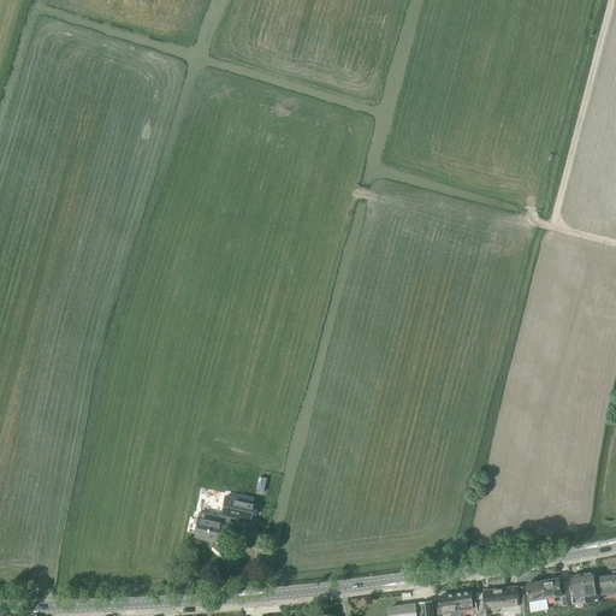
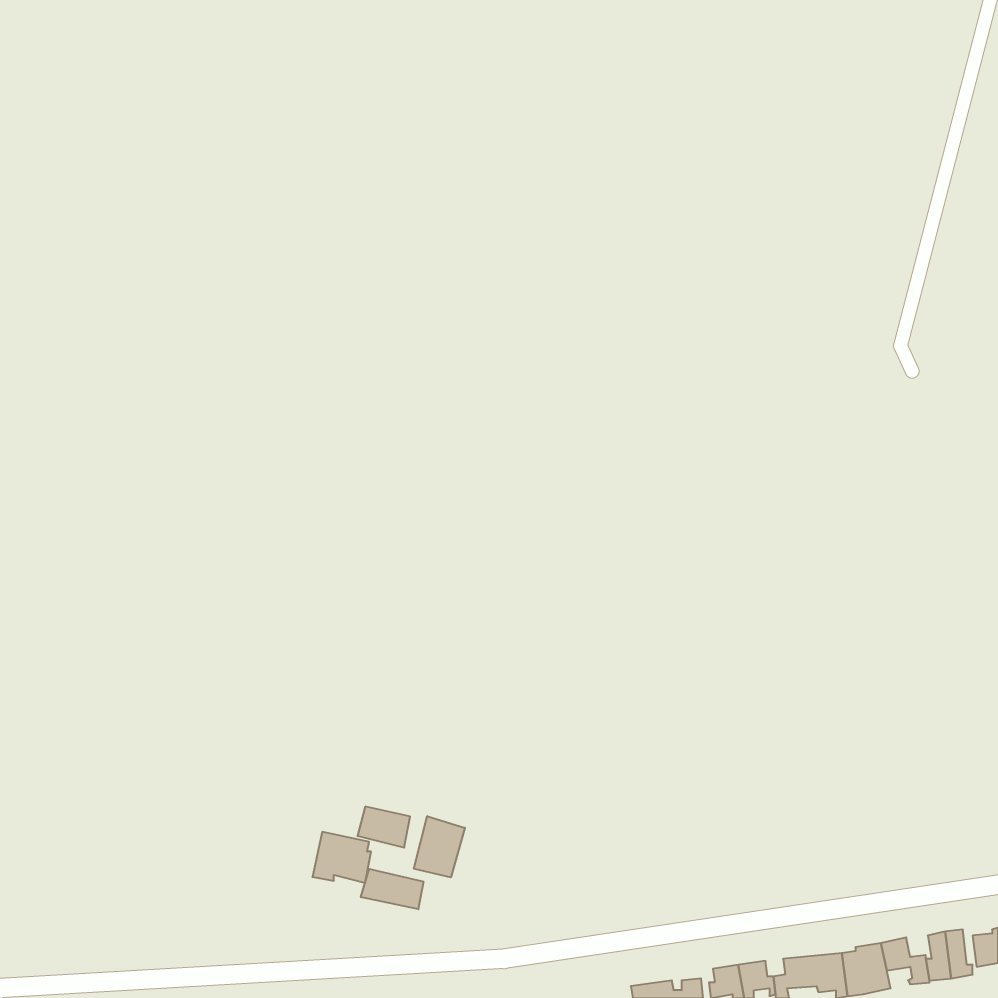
building: none -> [414,816,465,877]
building: none -> [361,869,423,909]

